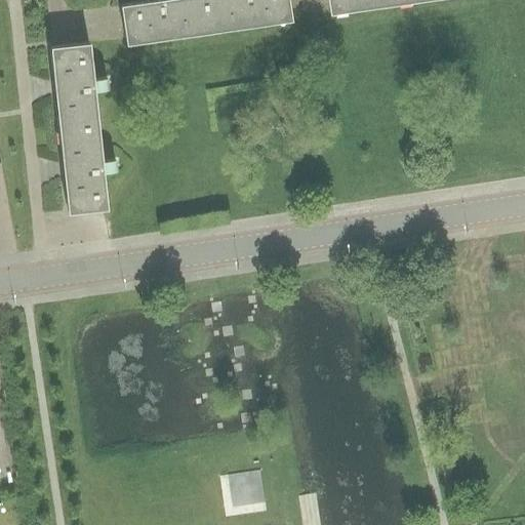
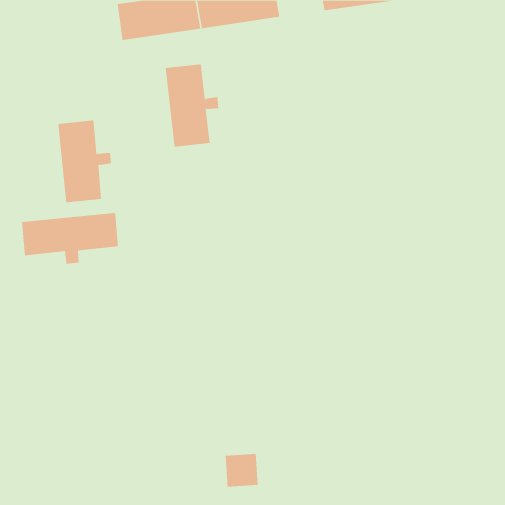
building: [51,43,108,129] -> [165,64,219,147]
building: none -> [21,212,118,265]

